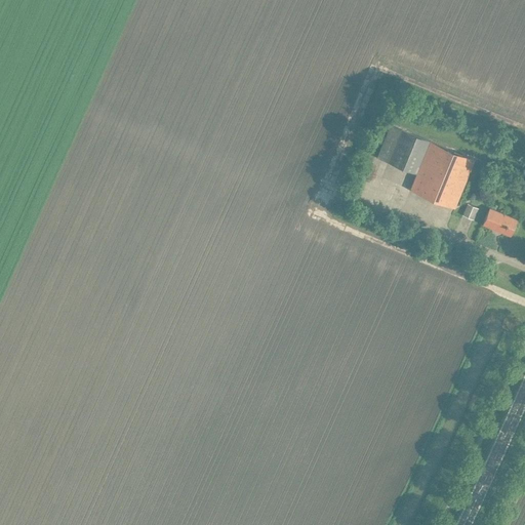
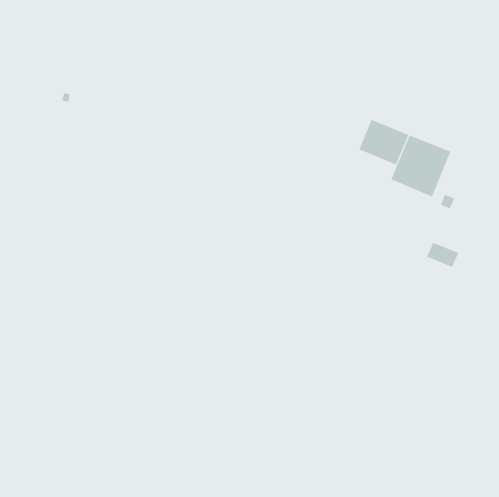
building: [482,210,517,237] -> [426,242,459,267]

